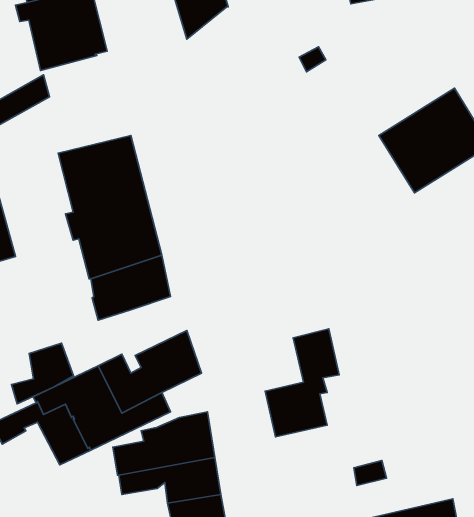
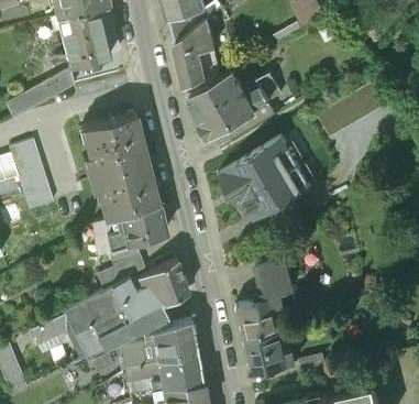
building: none -> [177,18,219,86]
building: none -> [189,69,283,135]
building: none -> [219,135,312,219]
building: [11,343,73,404] -> [98,243,144,288]
building: none -> [243,329,295,373]

